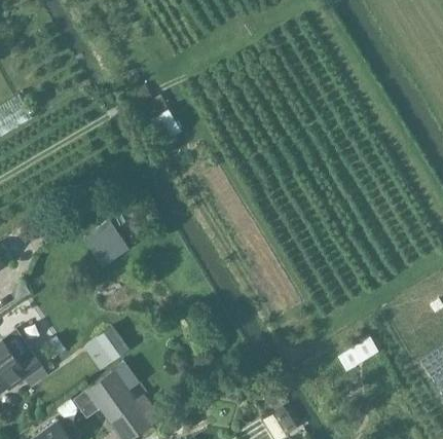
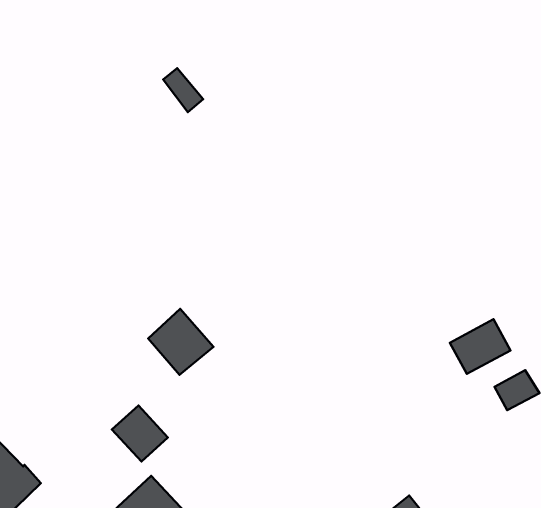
building: [84,223,126,266] -> [148,309,213,375]
building: none -> [450,319,510,374]

